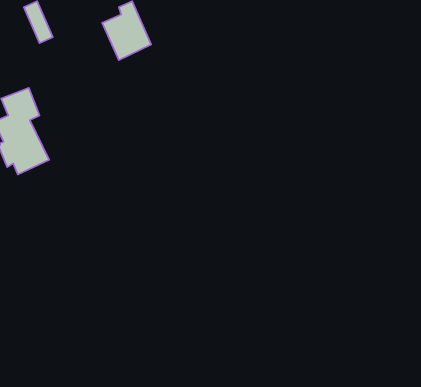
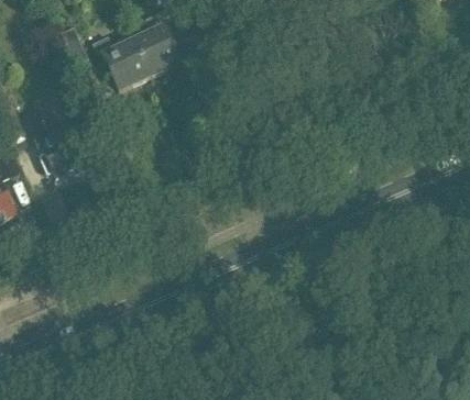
building: none -> [92,36,150,91]

